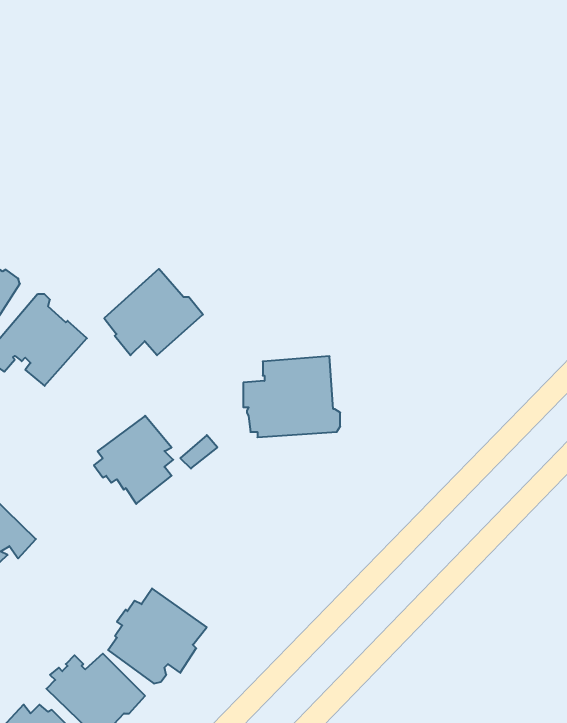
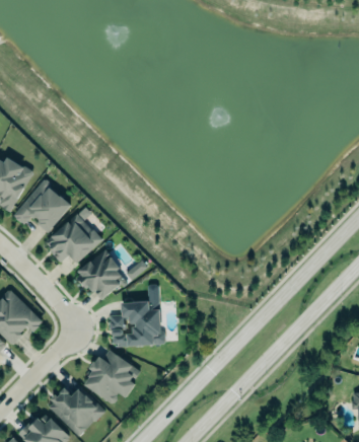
building: [104,269,203,355] -> [46,213,102,263]
building: [243,356,340,437] -> [110,300,165,347]

